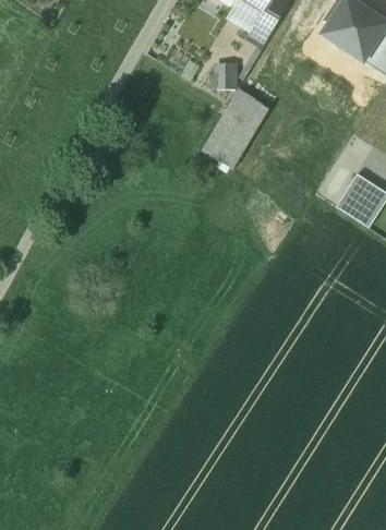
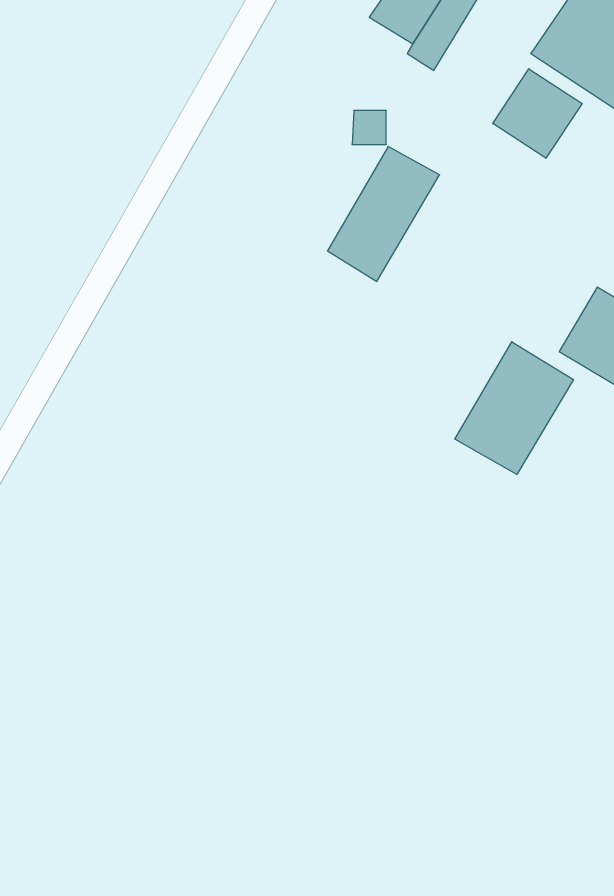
building: none -> [493,69,582,158]
building: none -> [455,342,573,474]

